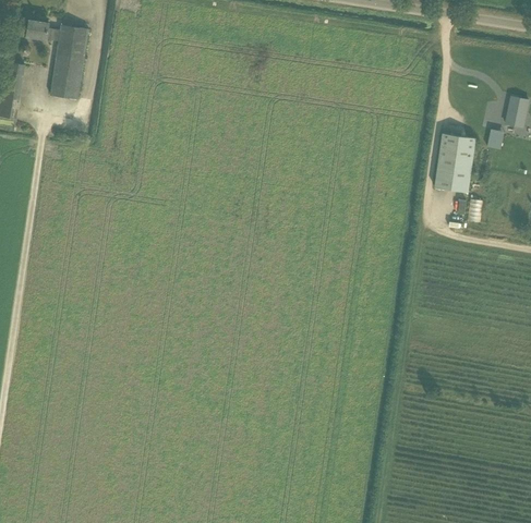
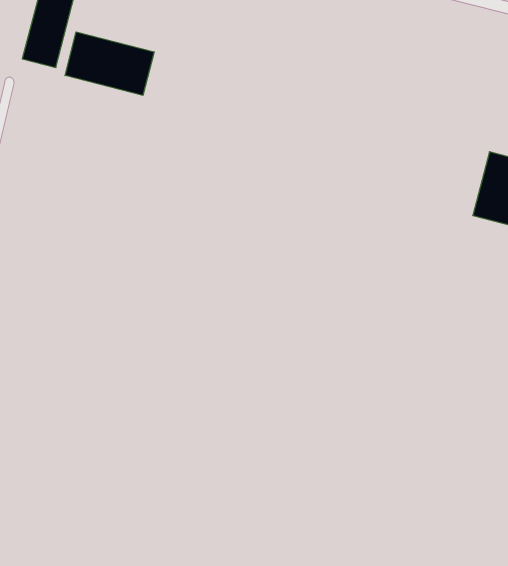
building: none -> [65,32,154,95]

